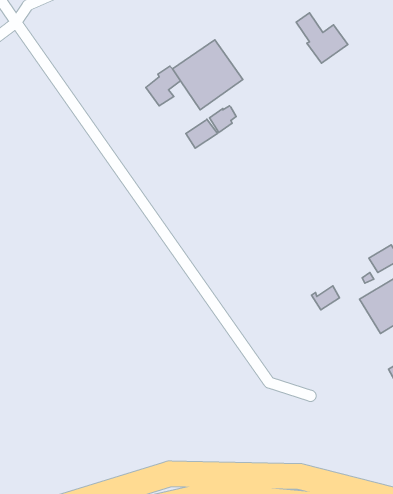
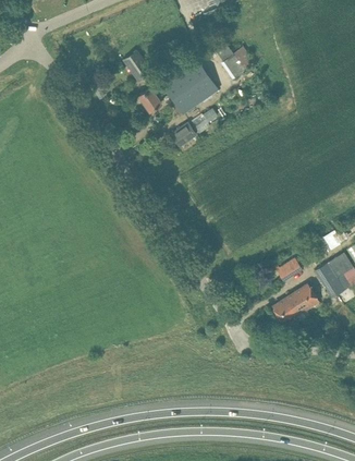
building: [296,13,348,63] -> [212,37,255,78]
building: none -> [123,50,152,82]
building: none -> [273,284,320,322]

